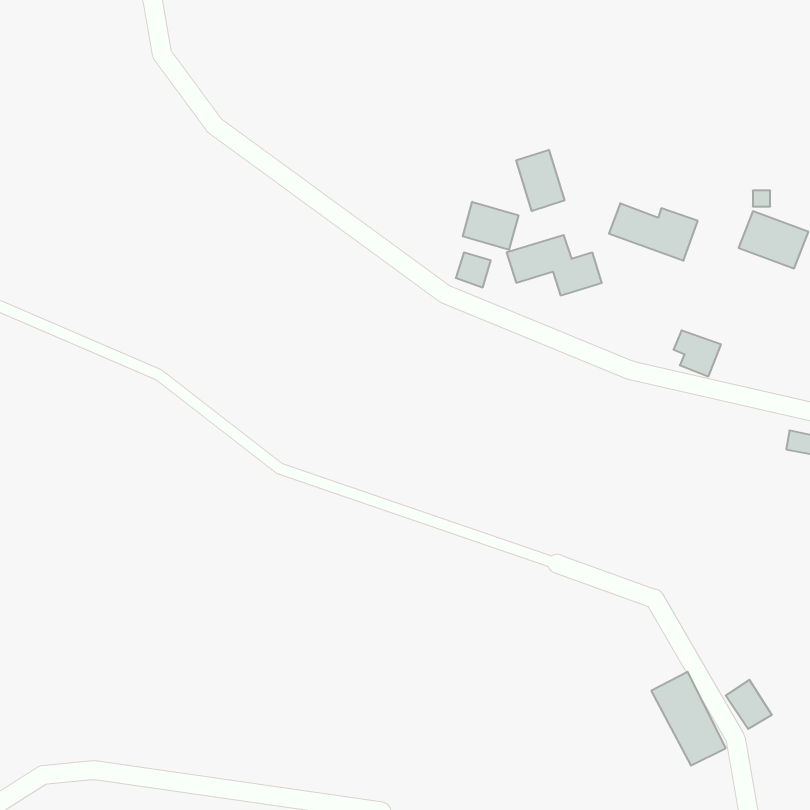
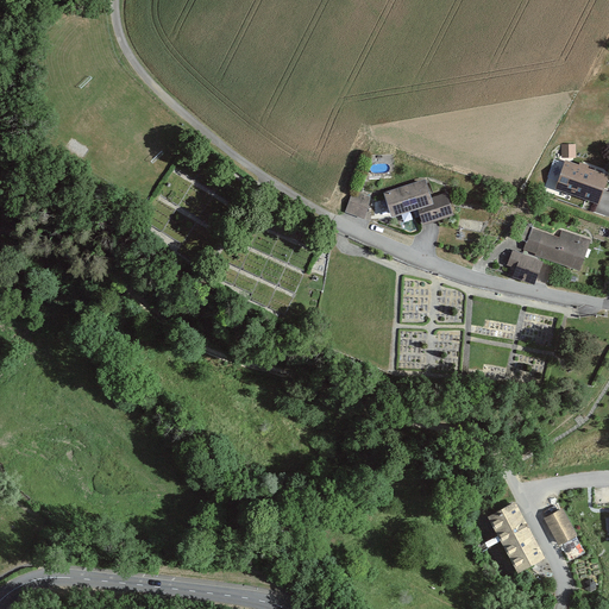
building: [516,150,564,211] -> none
building: [463,202,518,250] -> none
building: [609,203,698,261] -> [523,227,590,270]

